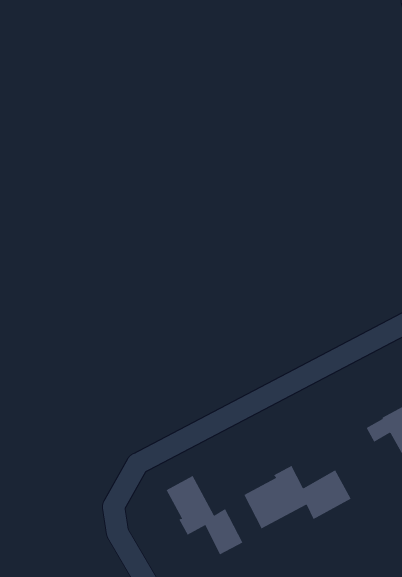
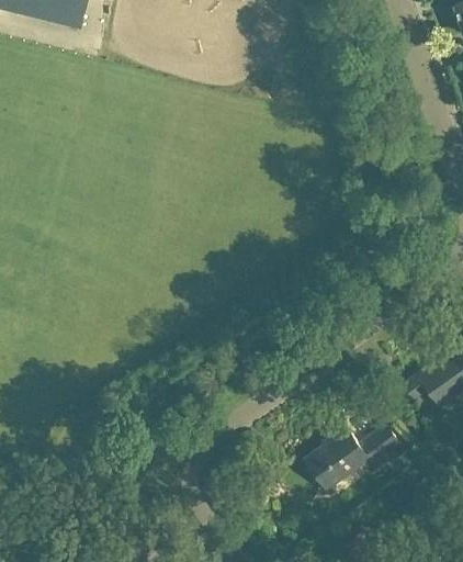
building: [166,475,243,555] -> none

